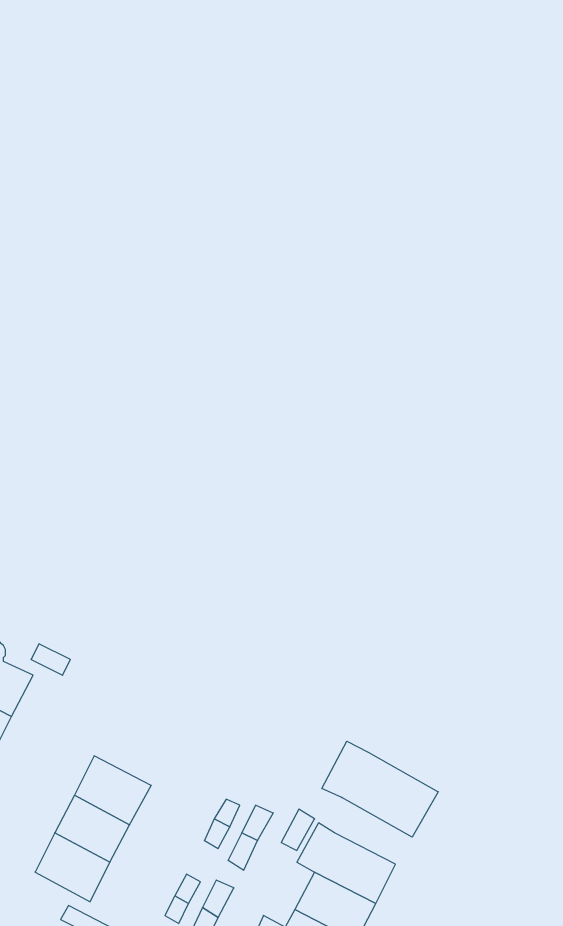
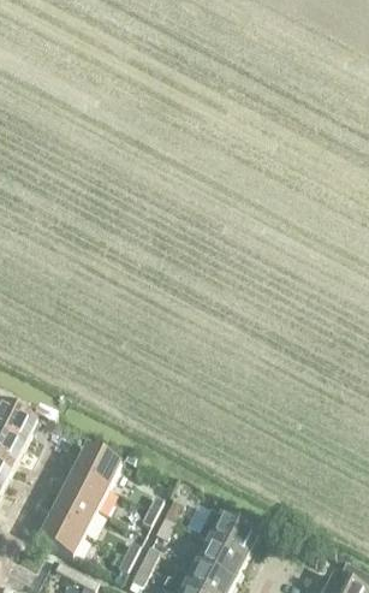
building: none -> [73,445,120,486]
building: [322,741,438,837] -> none

